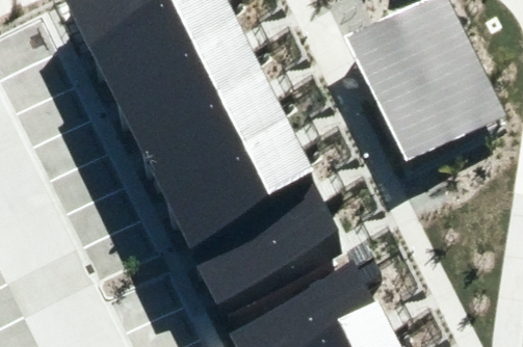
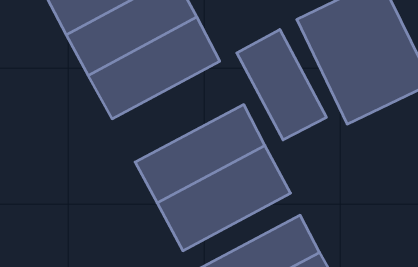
building: none -> [237,29,326,140]
building: [134,84,289,203] -> none

